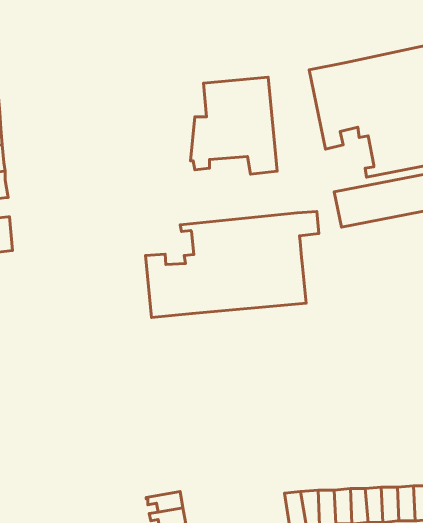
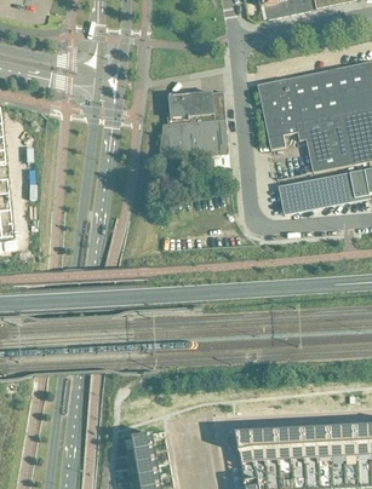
building: [145,212,319,317] -> none

